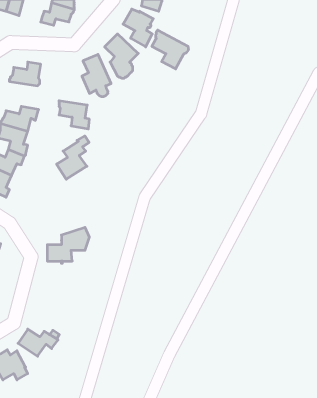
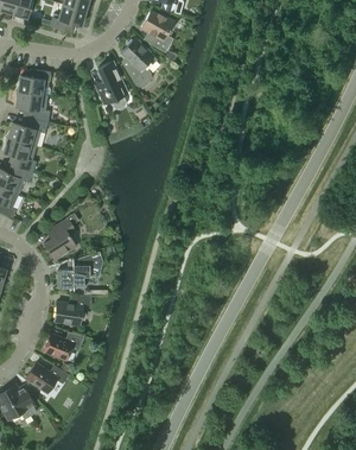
building: [152,30,188,69] -> none
building: [59,101,89,129] -> [17,90,50,121]
building: [57,136,89,179] -> [44,213,80,260]
building: none -> [55,294,91,324]
building: none -> [44,331,85,360]

